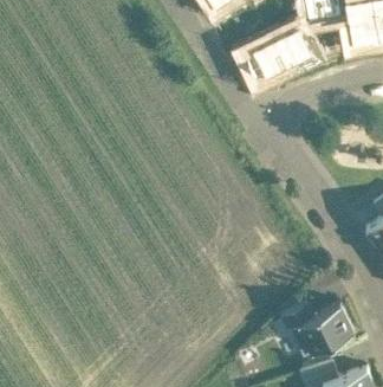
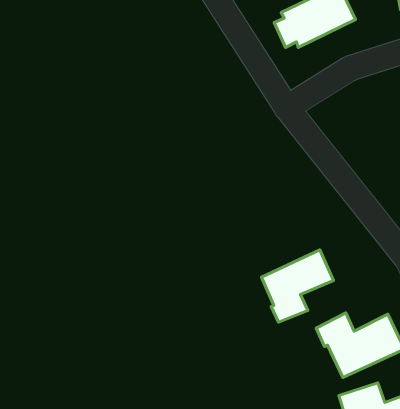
building: none -> [261,250,333,322]

